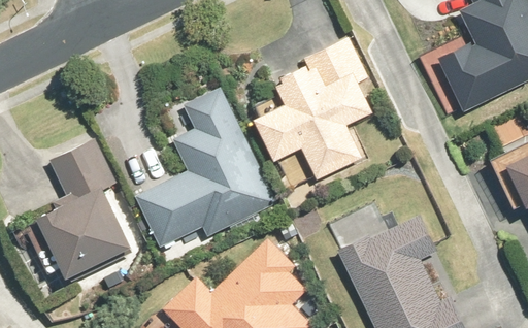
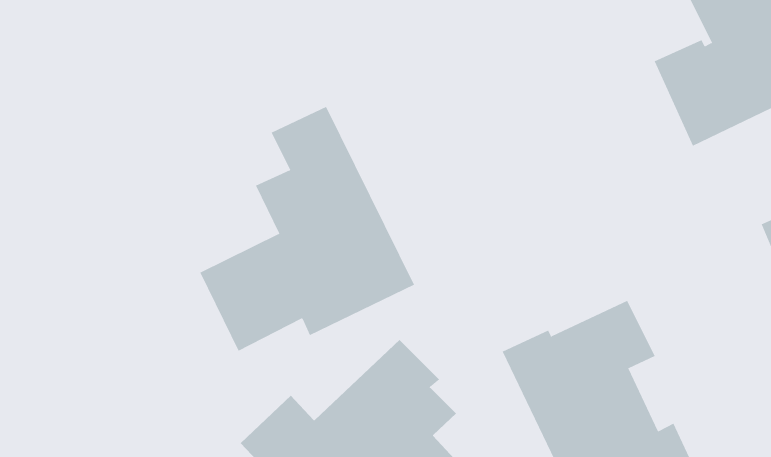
building: [254,38,371,181] -> none
building: [28,141,130,278] -> none

